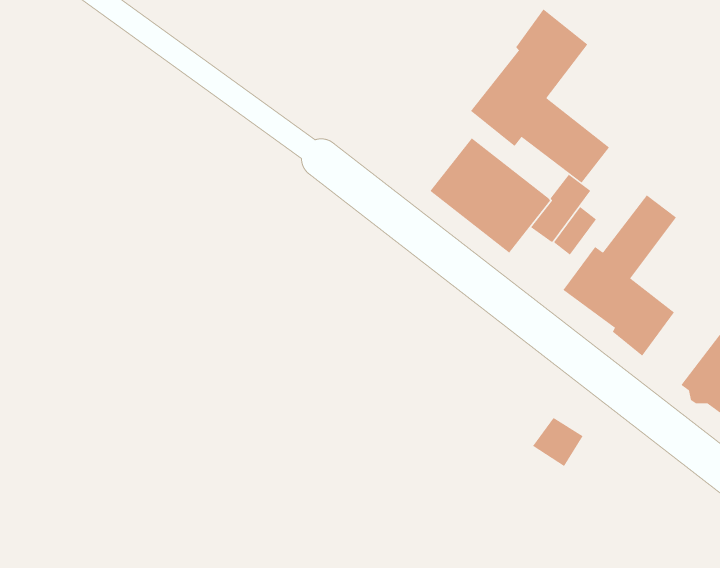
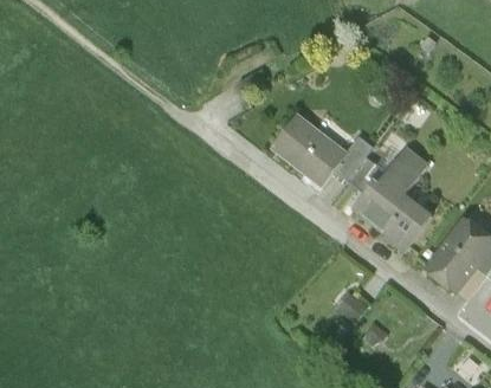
building: [470,9,610,183] -> none

